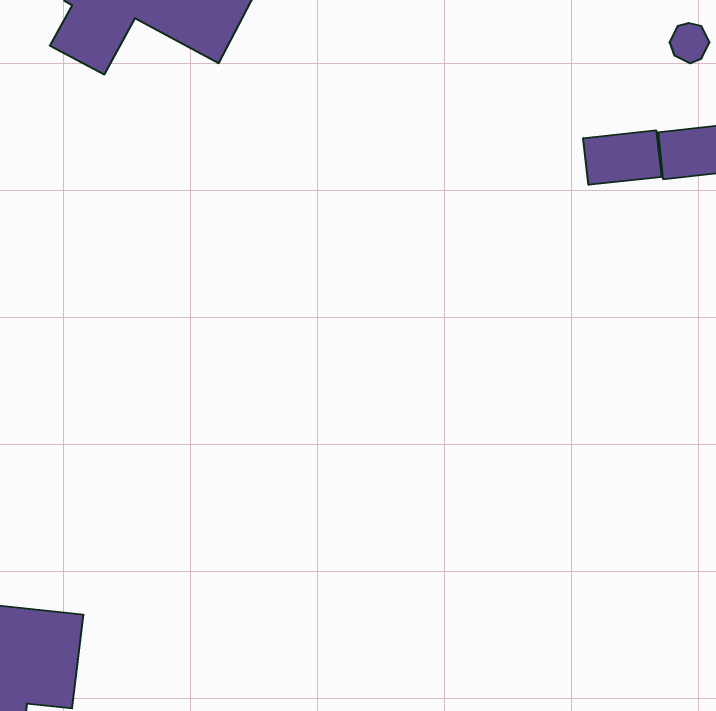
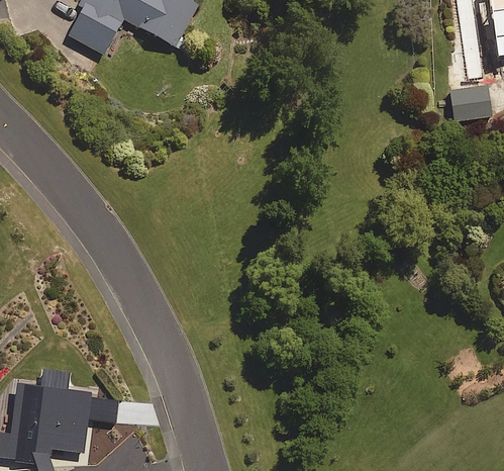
building: [583,130,661,185] -> none

